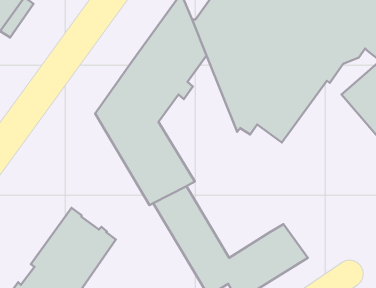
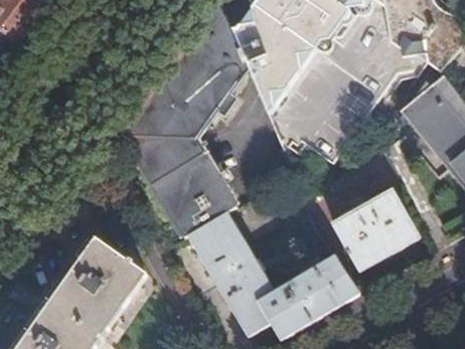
building: none -> [332,192,416,272]

